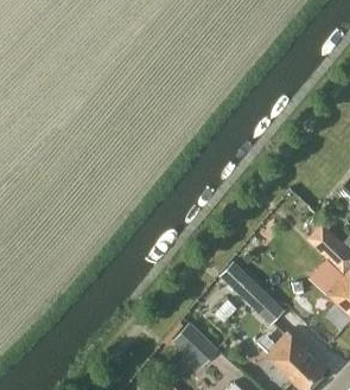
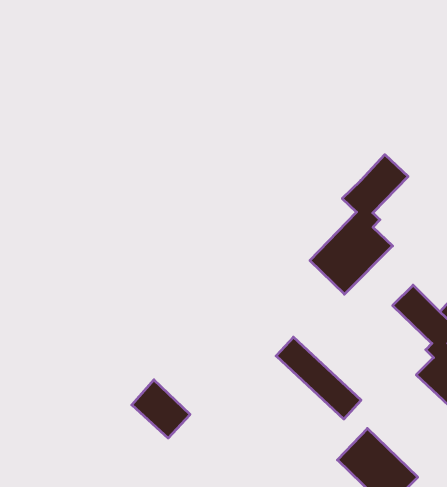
building: none -> [310,155,408,294]
building: [173,324,217,367] -> [132,380,190,438]

